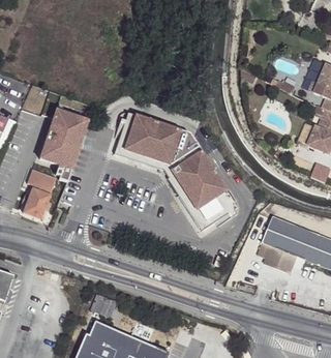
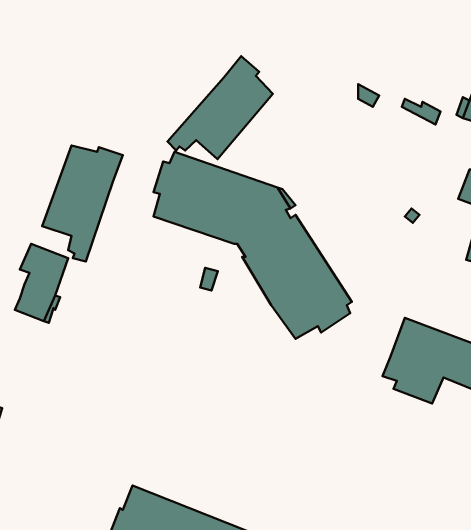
building: none -> [168,56,273,159]

